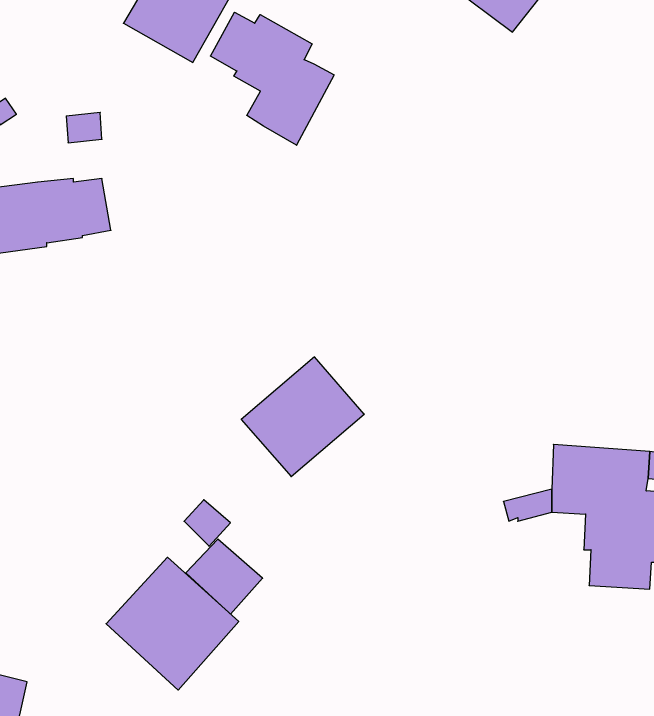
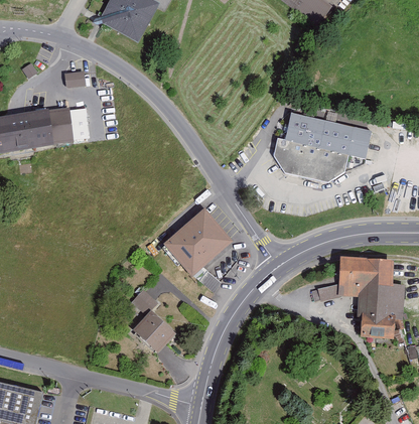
building: [210,12,334,145] -> none
building: none -> [273,112,372,182]
building: [106,557,239,690] -> none

